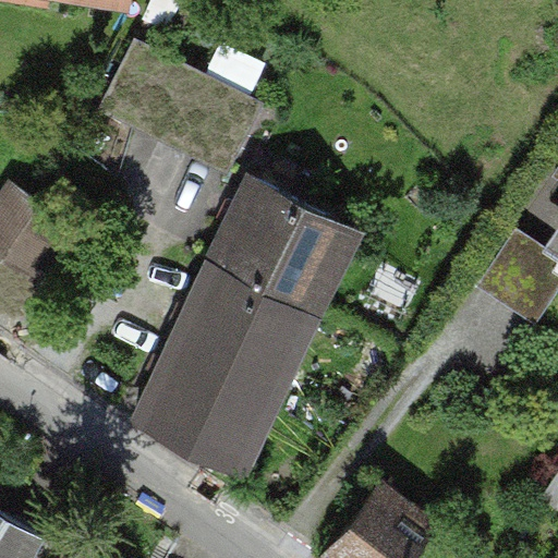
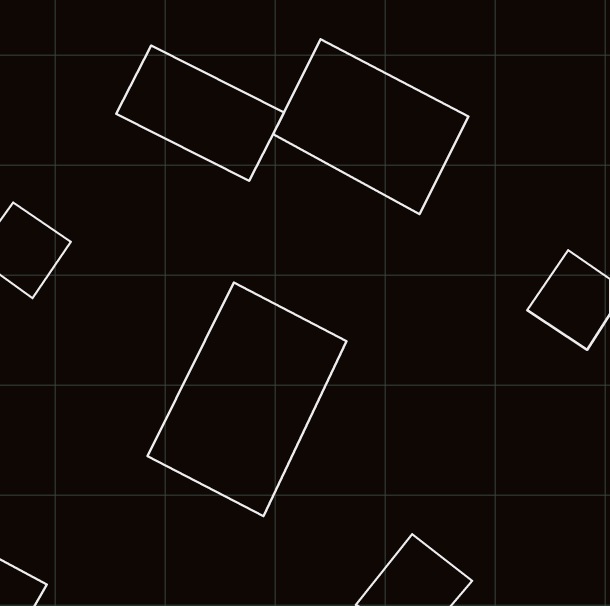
building: none -> [273,39,469,214]
building: [213,181,354,316] -> none

